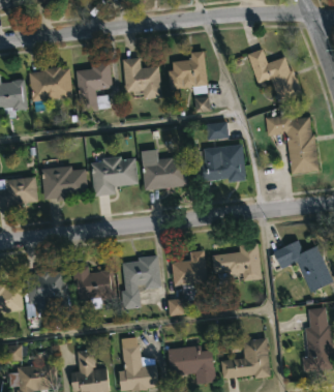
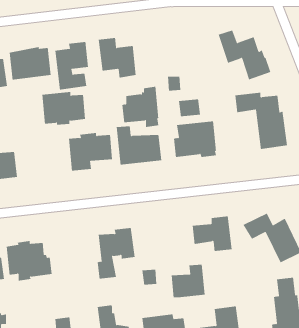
building: [169,51,208,94] -> [121,86,159,128]
building: [41,165,88,201] -> [41,91,86,125]
building: [172,250,208,285] -> [171,264,205,298]
building: [72,265,117,308] -> none

